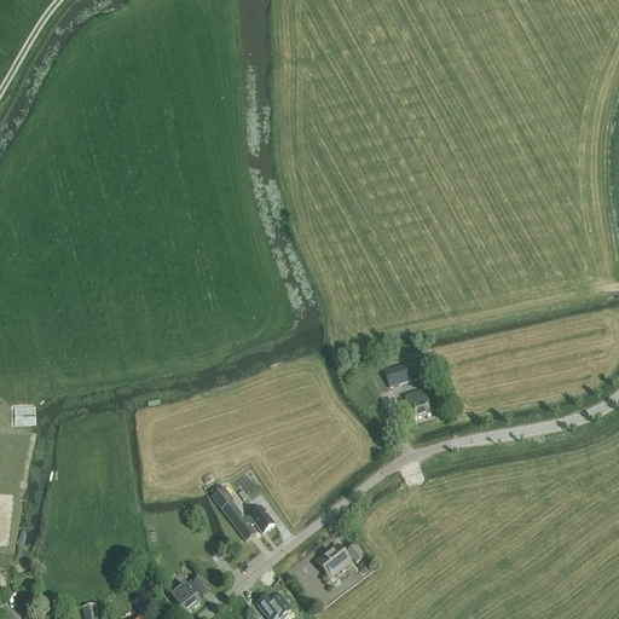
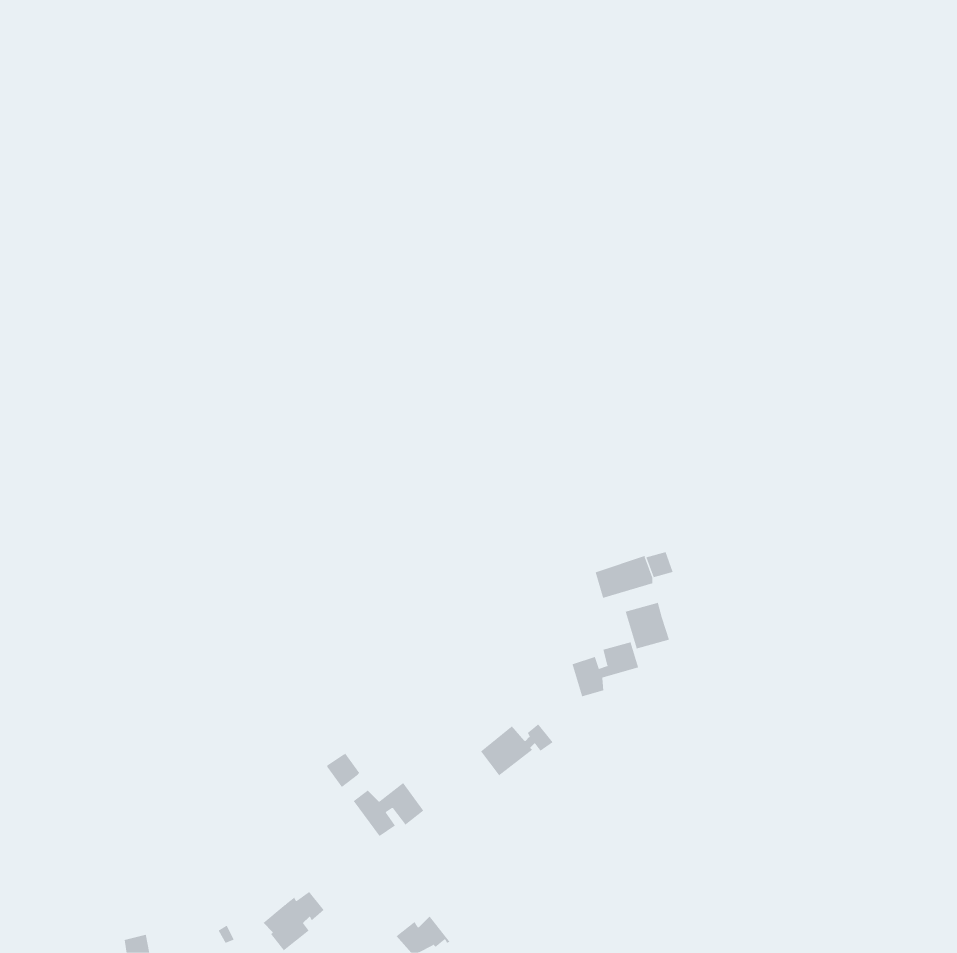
building: none -> [572,641,639,697]
building: [316,543,363,577] -> [480,724,553,776]

